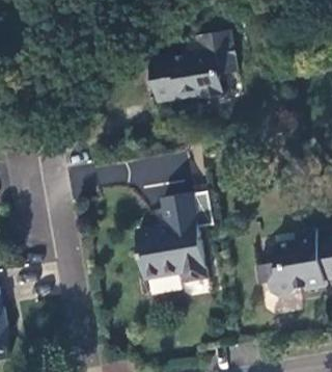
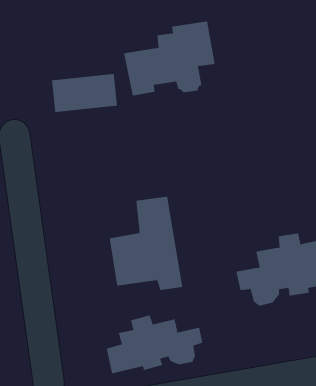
building: [124,153,187,189] -> [51,74,118,112]
building: none -> [106,315,203,374]

